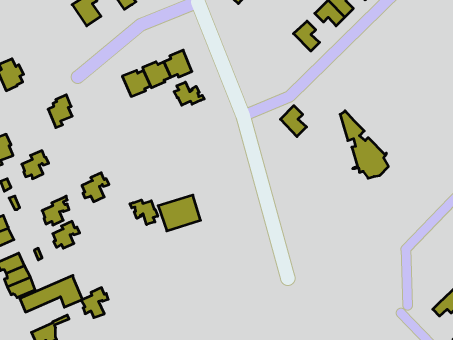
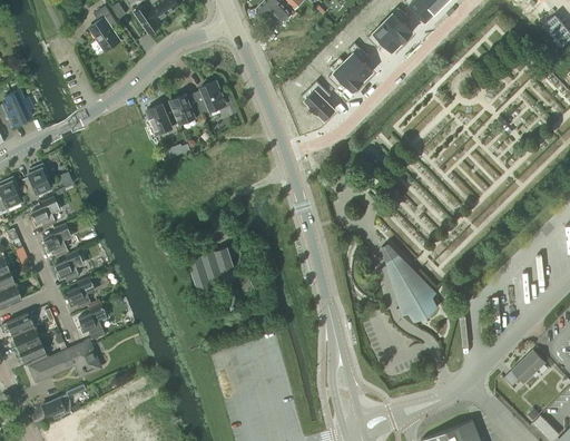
building: none -> [328,61,363,91]
building: [174,82,204,105] -> none
building: [48,95,72,128] -> [21,164,49,202]
building: [280,106,307,137] -> [305,85,335,120]
building: [340,111,388,178] -> [382,243,438,321]
building: [82,173,109,202] -> [42,224,73,257]
building: [130,200,158,225] -> none
building: [81,288,108,318] -> [77,304,108,339]

